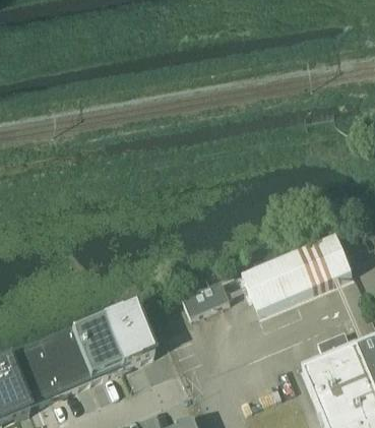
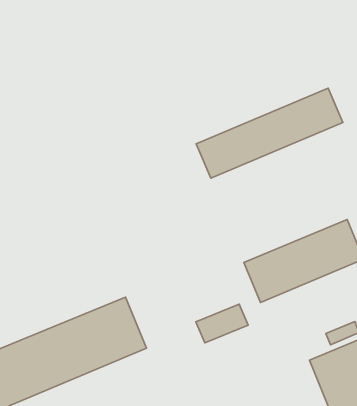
building: none -> [196,88,343,178]
building: [181,282,229,317] -> [196,304,248,343]

